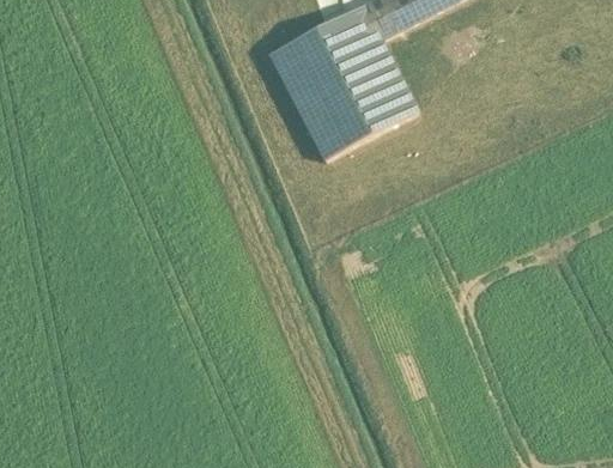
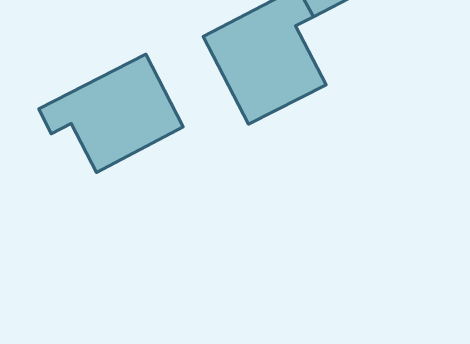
building: none -> [39,54,183,173]

